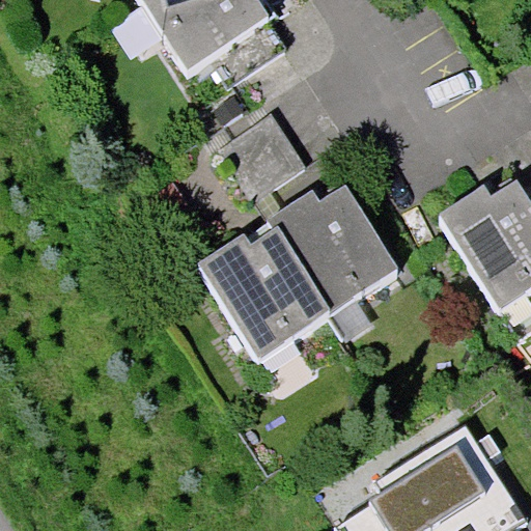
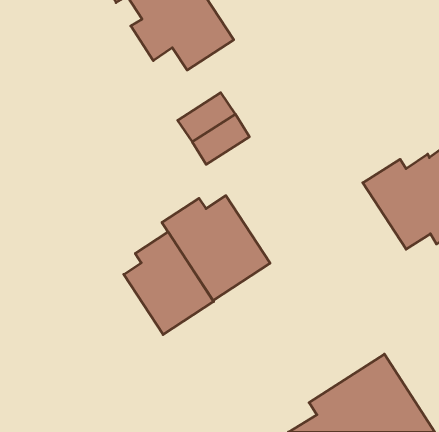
building: [268,190,396,315] -> none
building: none -> [124,232,214,335]

